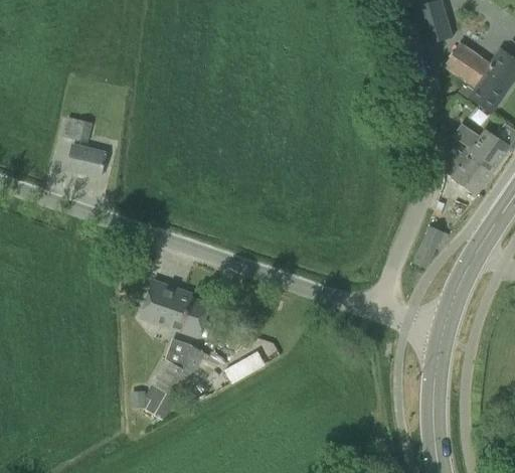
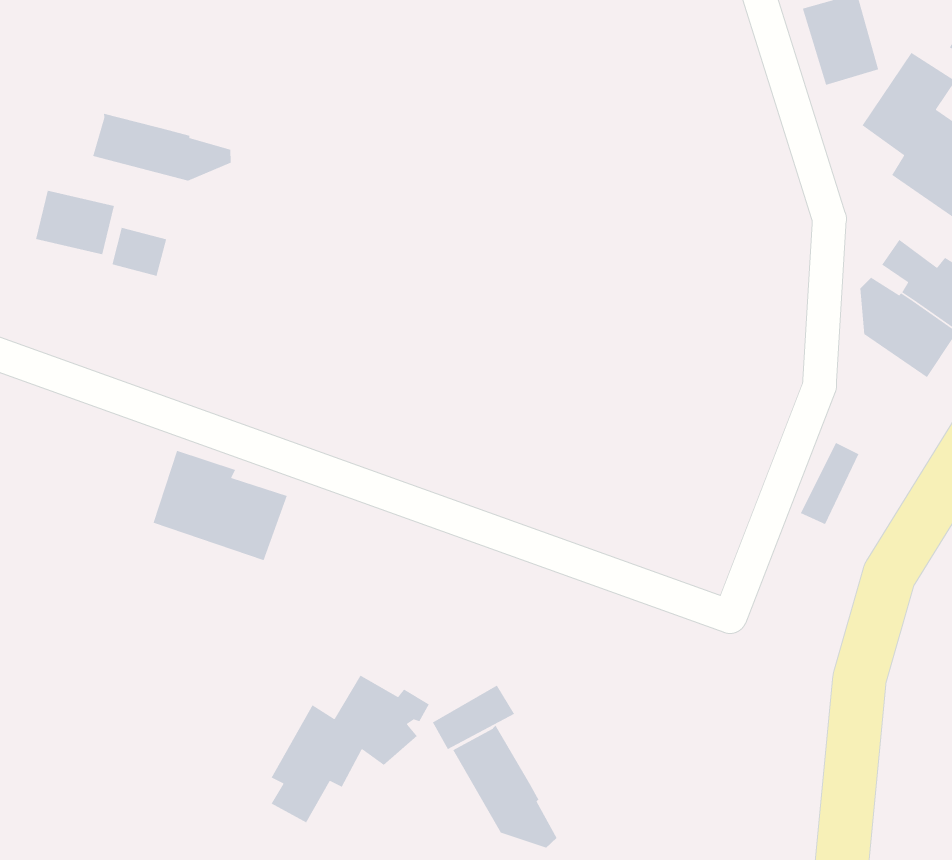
building: none -> [92,113,232,181]
building: [66,143,107,176] -> [35,190,115,255]
building: [141,280,209,336] -> [153,450,288,561]
building: none -> [452,724,557,849]

